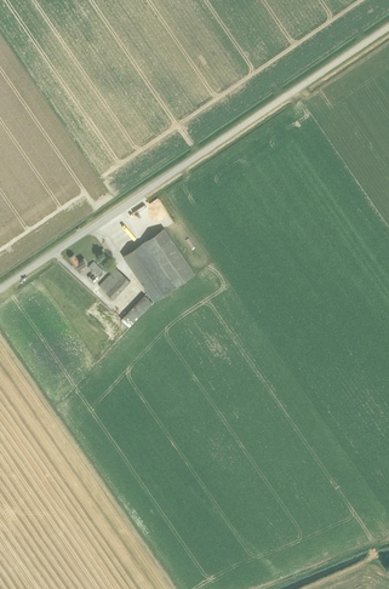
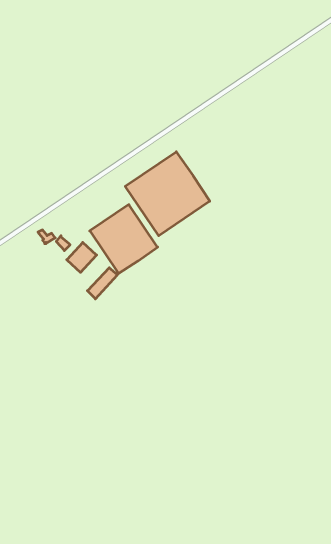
building: none -> [125,152,210,236]

